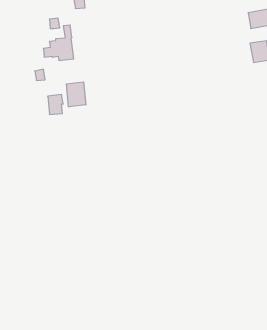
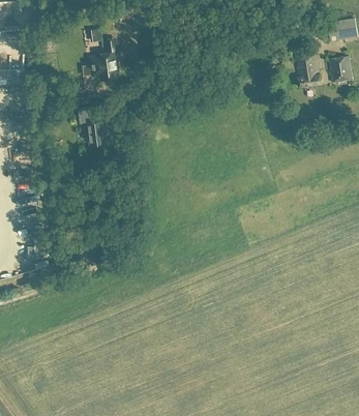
building: none -> [297,54,323,87]
building: [66,82,86,107] -> none

